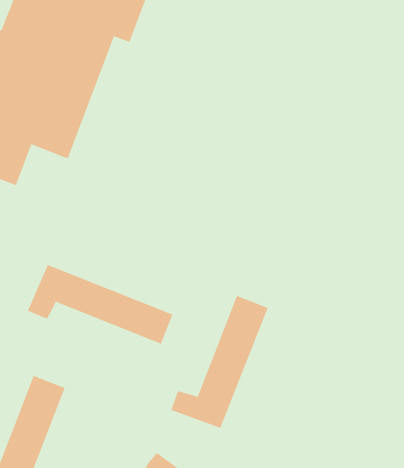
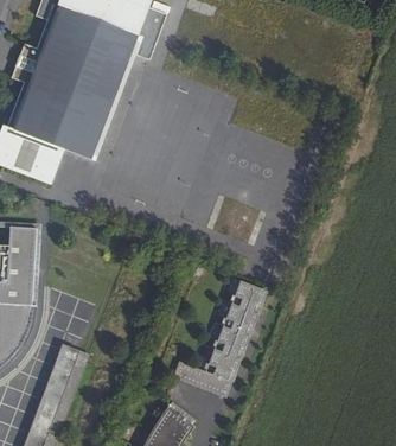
building: [27,264,173,345] -> none

